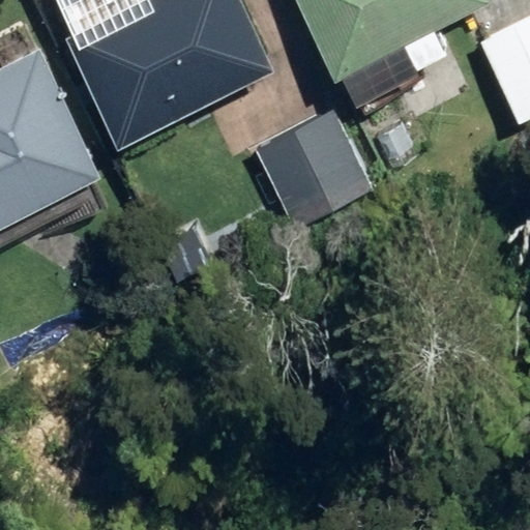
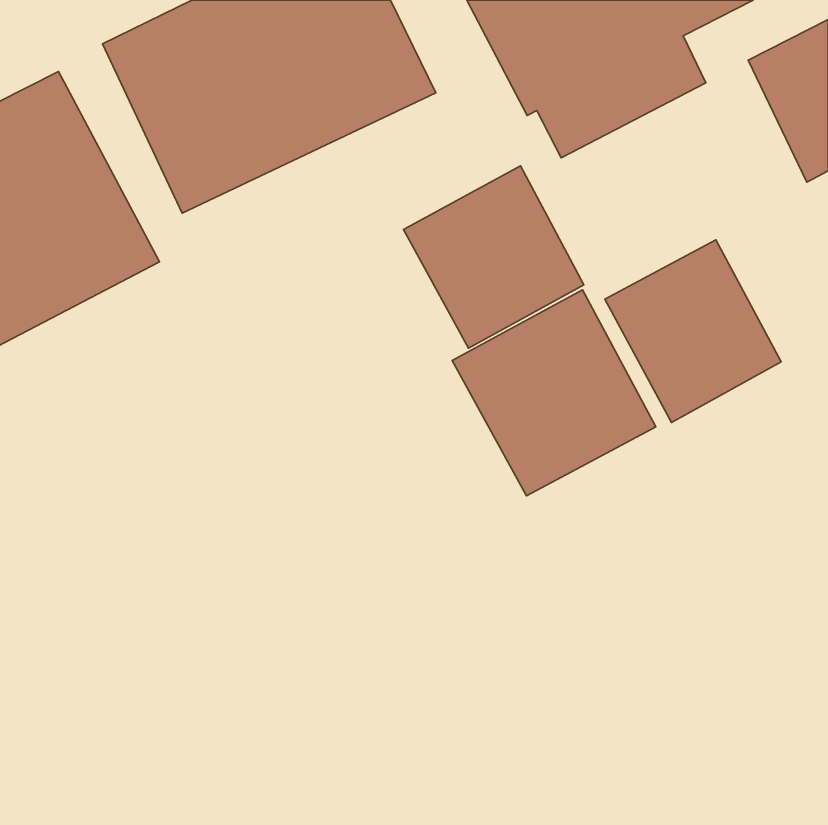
building: none -> [605,240,781,422]
building: none -> [452,290,656,496]

